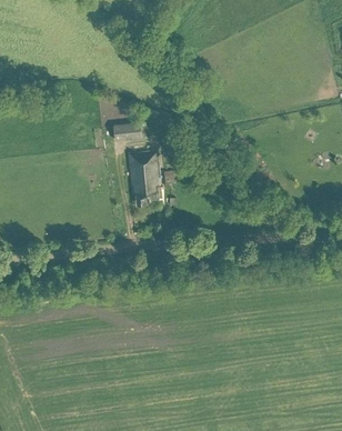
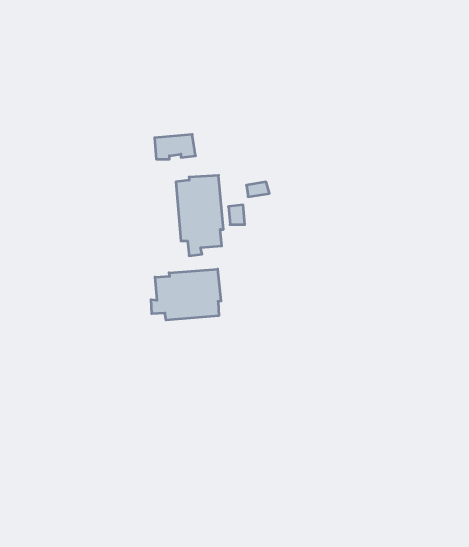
building: none -> [151,269,221,320]

